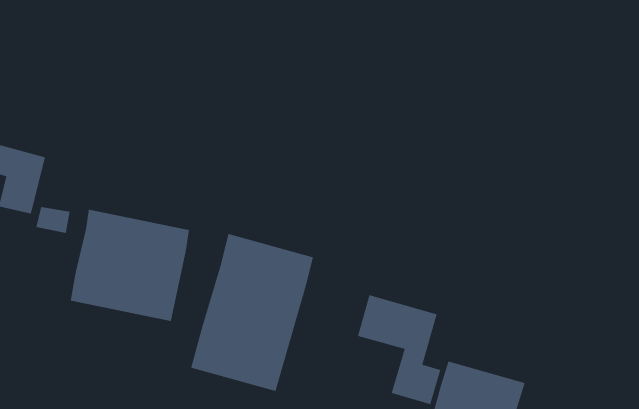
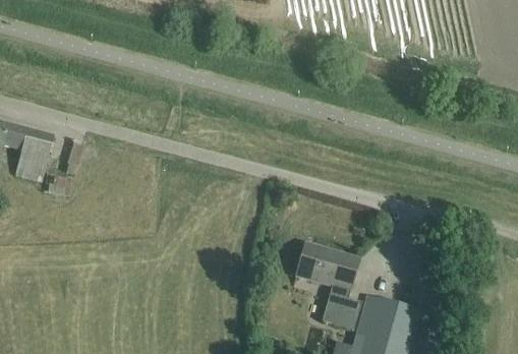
building: [70,209,189,322] -> none
building: [191,233,313,392] -> none

